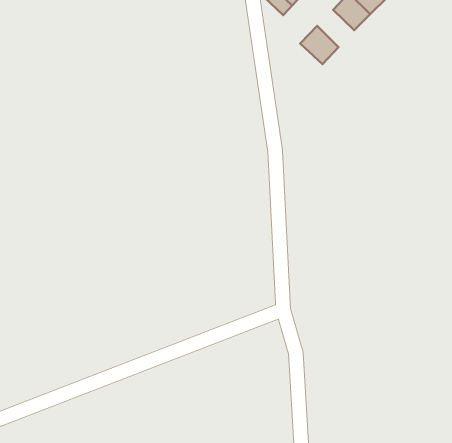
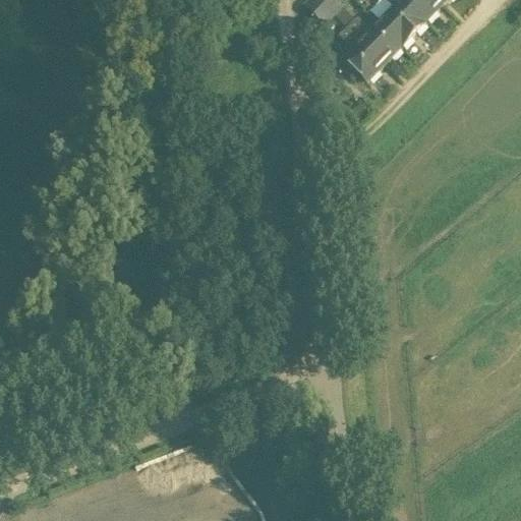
building: none -> [365,11,408,54]

